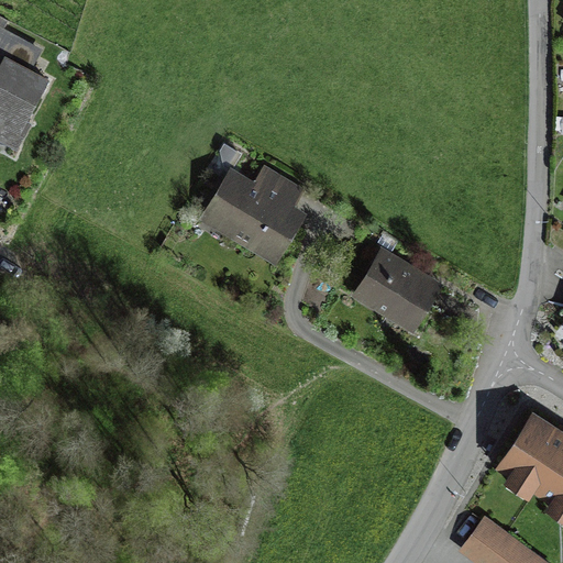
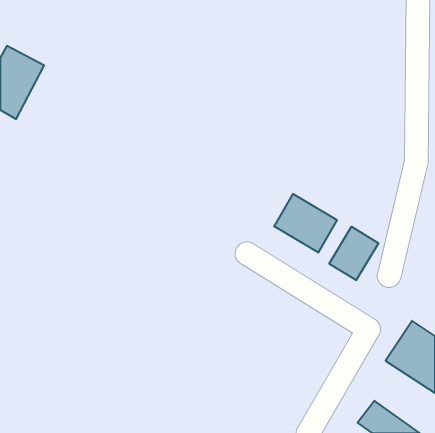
building: [203,170,298,257] -> none
building: none -> [329,227,378,280]

